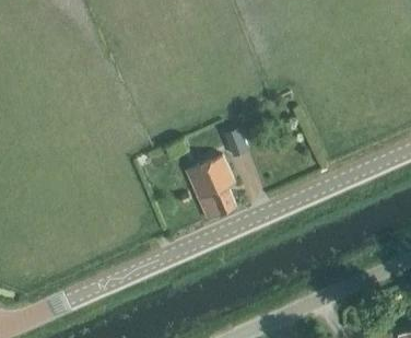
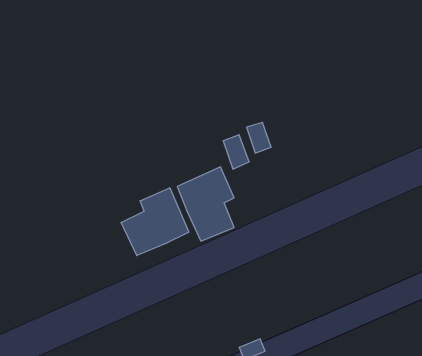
building: none -> [121,188,189,256]

